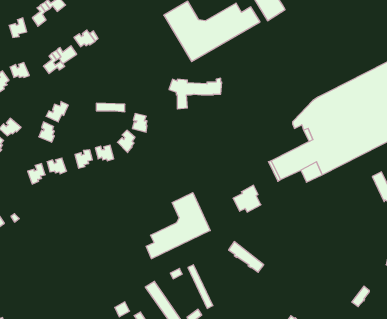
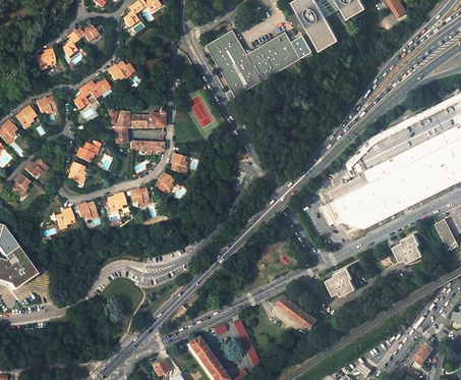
building: [169,78,222,109] -> [108,109,166,143]
building: [233,185,261,212] -> [325,266,355,295]
building: none -> [394,232,423,261]
building: [146,193,210,259] -> none

